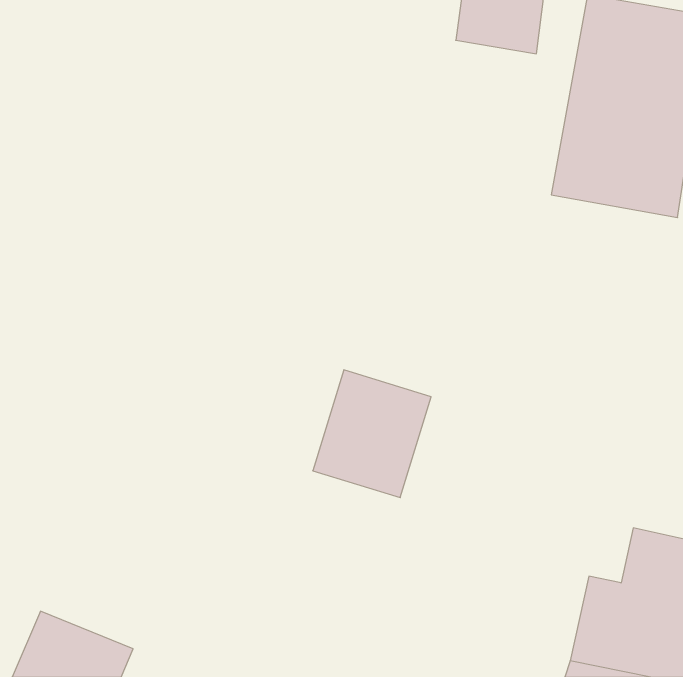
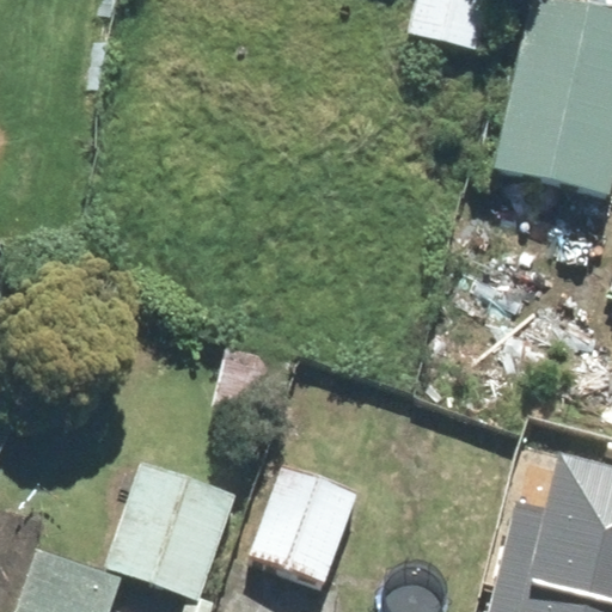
building: [313,370,431,498] -> [249,469,354,582]
building: none -> [105,463,233,595]

